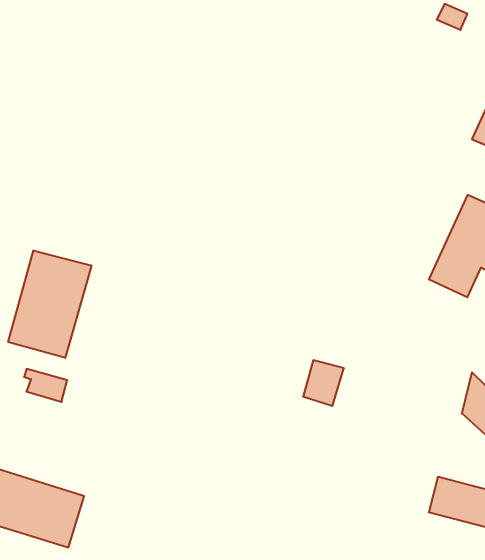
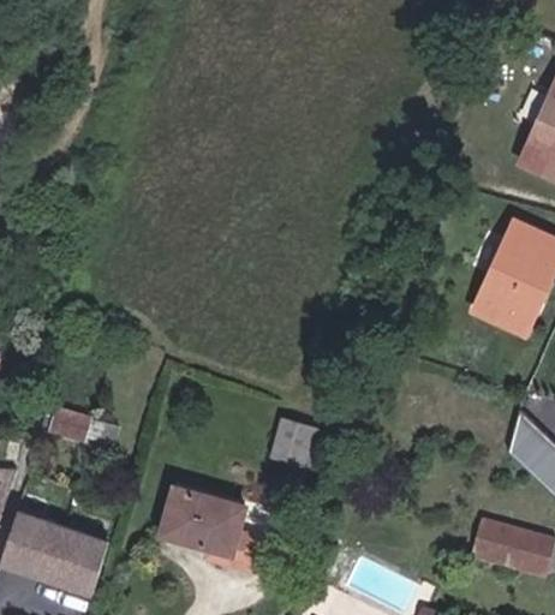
building: [8,250,91,358] -> none
building: [303,360,344,406] -> [270,418,314,466]
building: none -> [161,486,262,569]

